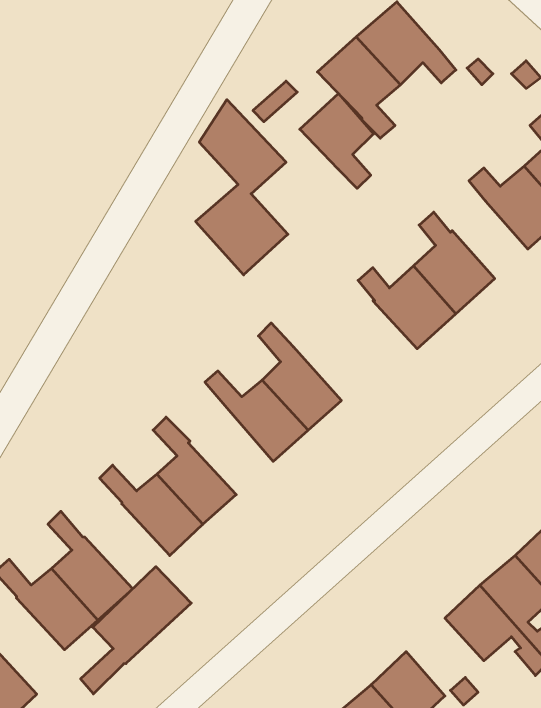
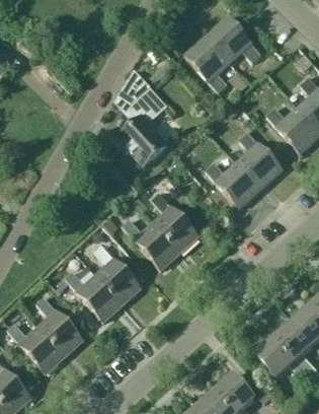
building: [300,94,374,188] -> none
building: [81,567,191,694] -> none

